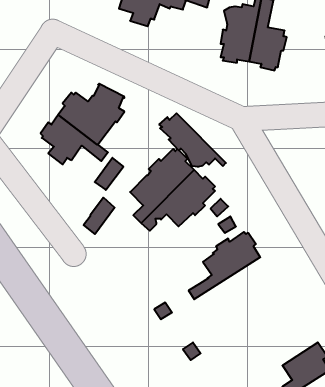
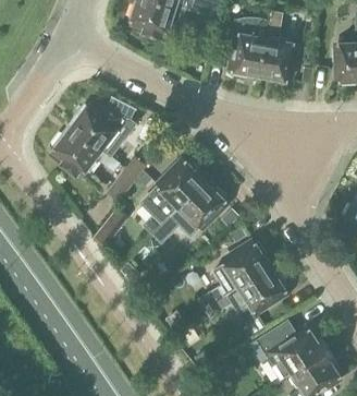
building: [159,113,226,167] -> none
building: none -> [205,266,286,317]
building: none -> [251,323,327,380]

